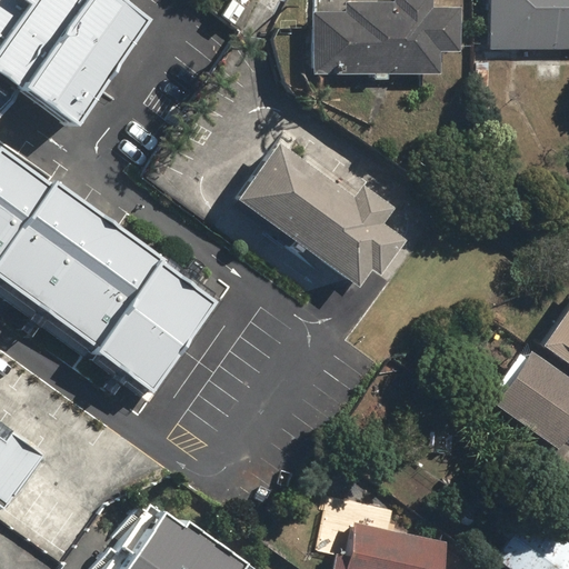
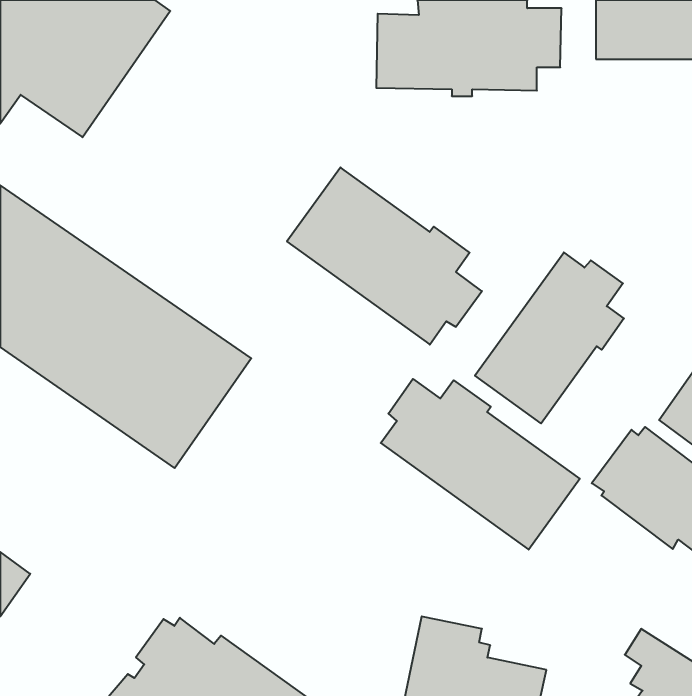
building: none -> [475,252,624,423]
building: none -> [381,379,580,550]

